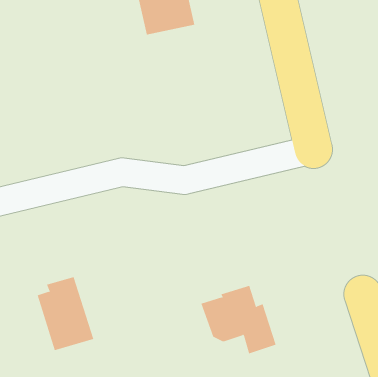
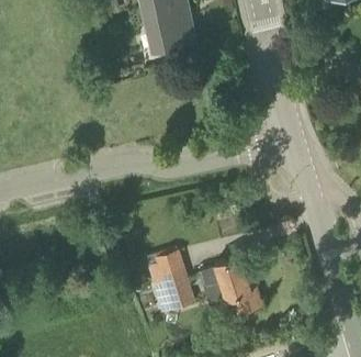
building: [37,277,94,351] -> [148,250,195,312]

